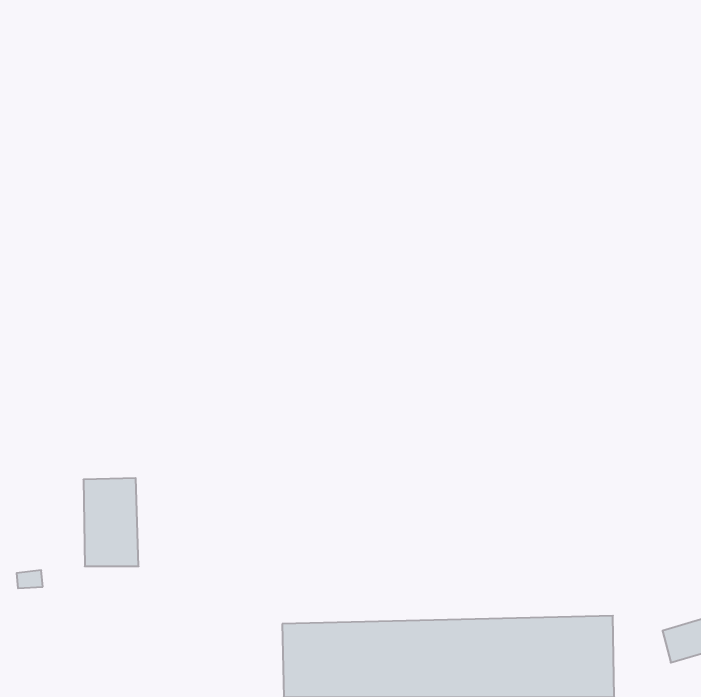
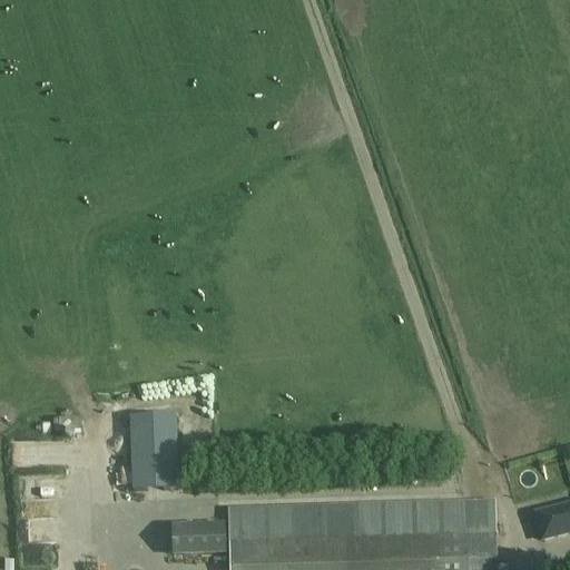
building: [83,478,139,566] -> [130,412,175,483]
building: none -> [174,521,227,554]

